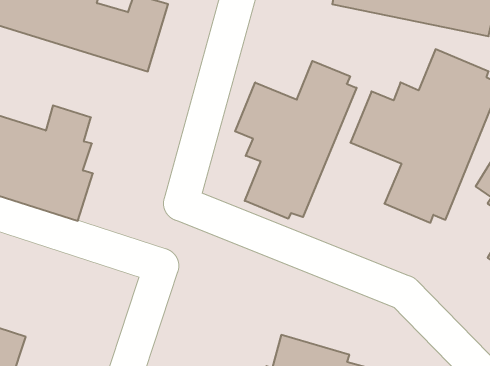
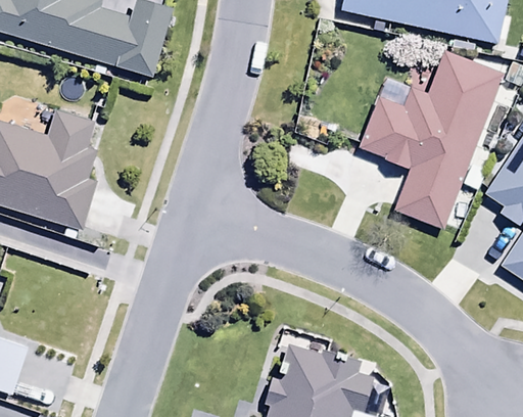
building: [235,61,357,219] -> none

